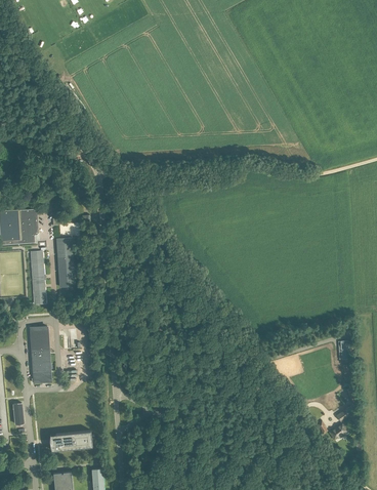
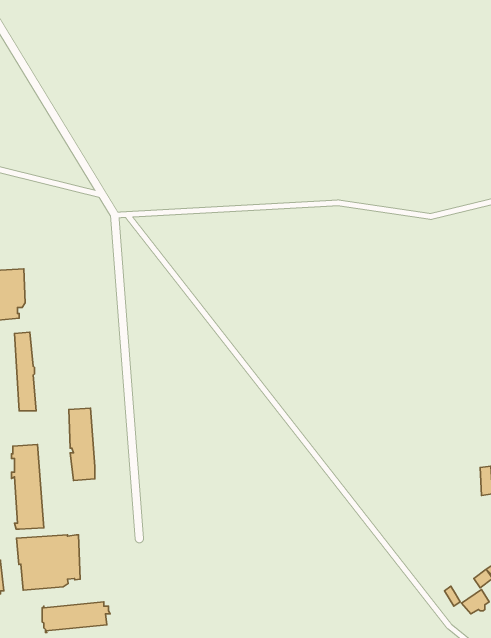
building: [56,238,74,286] -> [69,408,95,480]
building: none -> [17,535,80,590]

